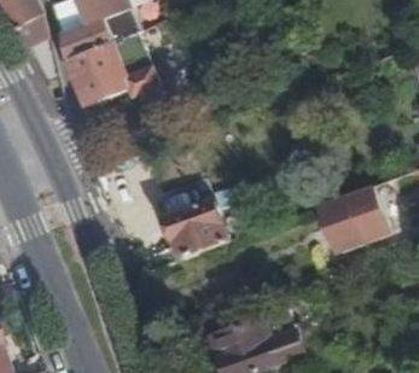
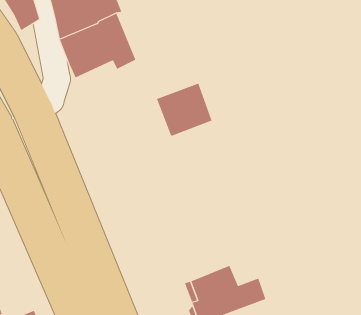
building: [325,185,394,251] -> none
building: [168,199,232,260] -> [156,83,213,136]

